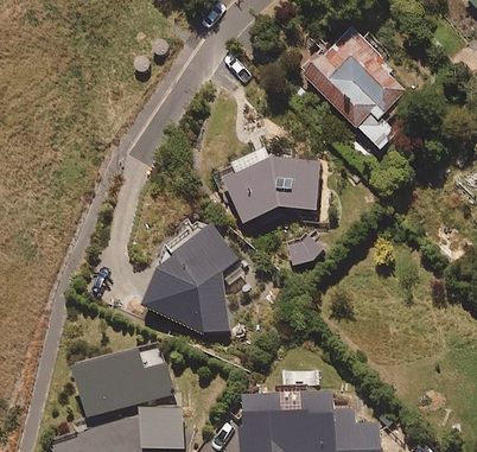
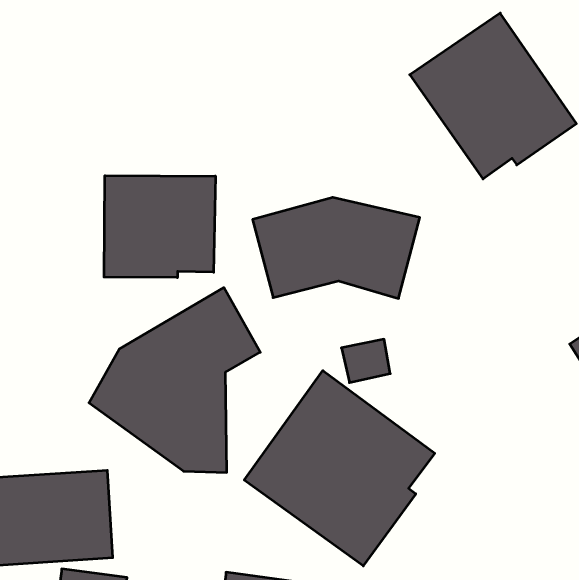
building: none -> [104,176,215,278]
building: none -> [244,371,435,566]

